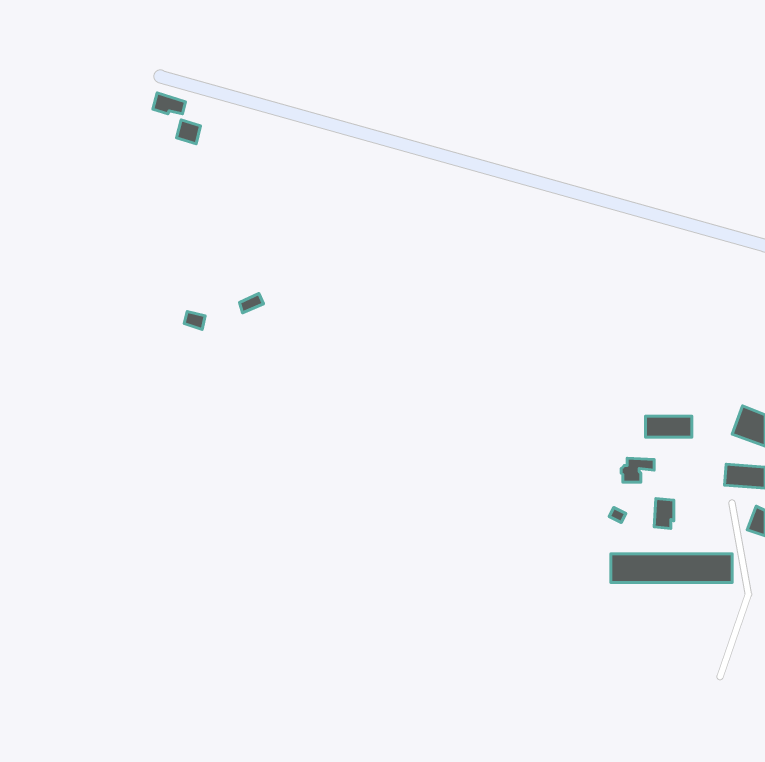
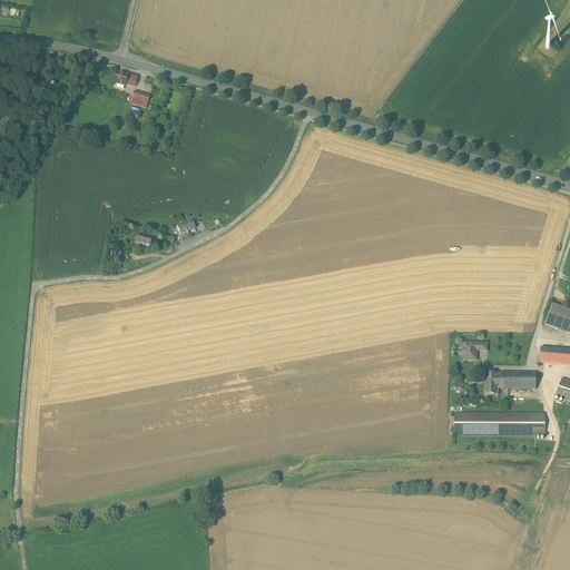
building: [646,416,692,437] -> [501,372,535,387]

